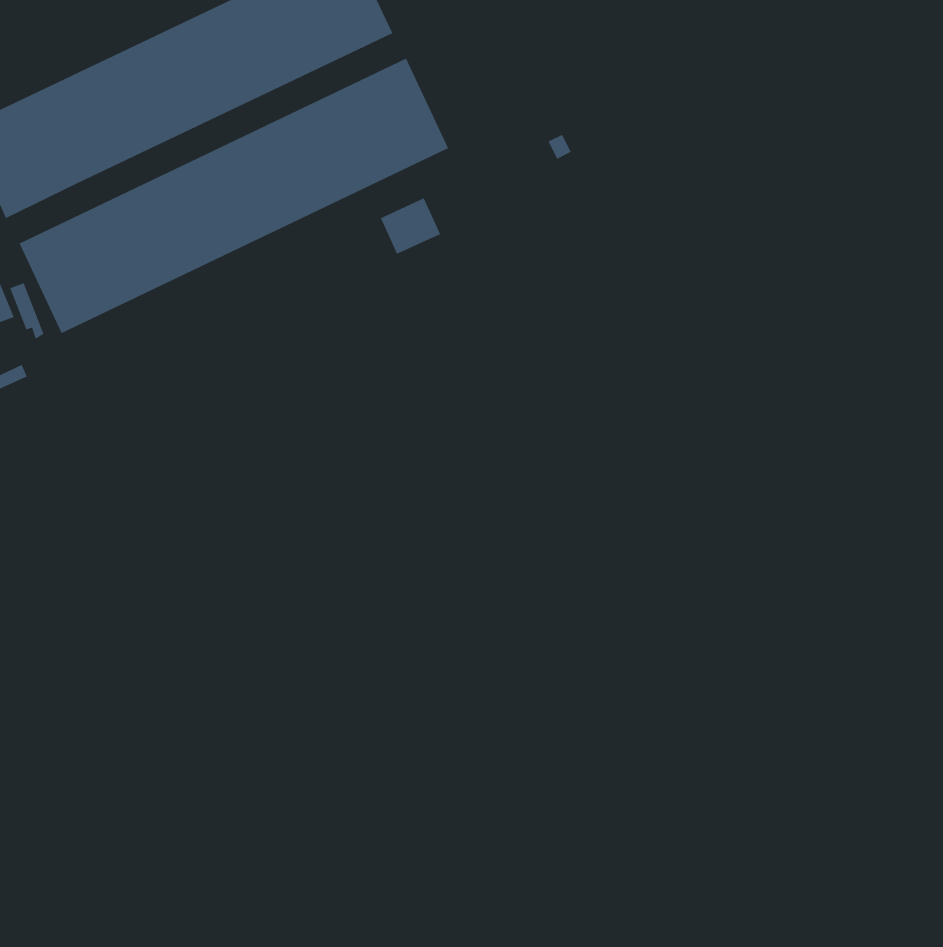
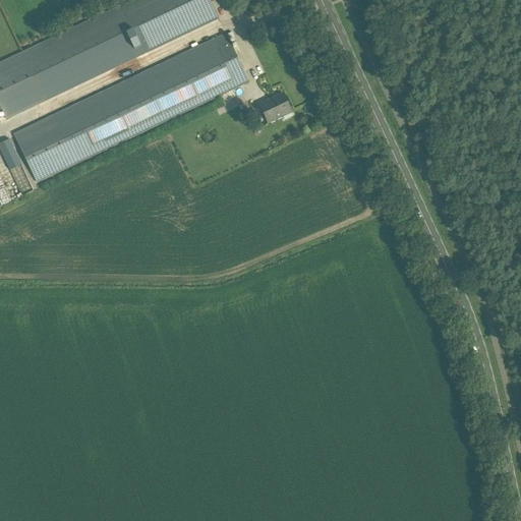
building: [380,197,441,255] -> [256,92,290,123]

